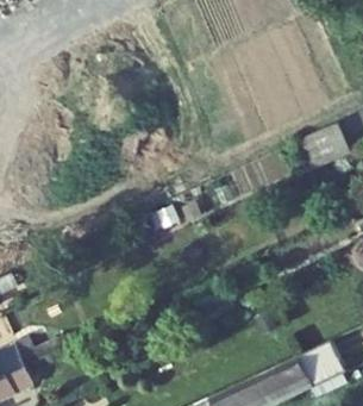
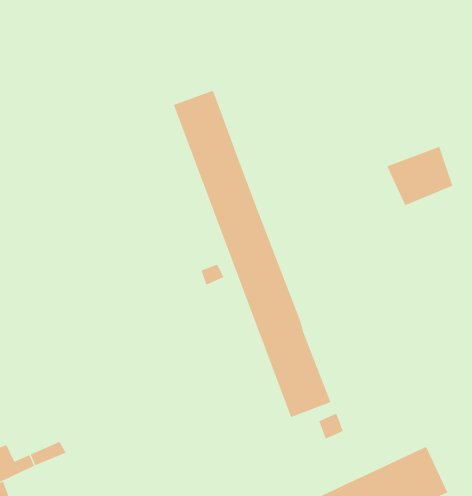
building: none -> [173,90,331,418]

